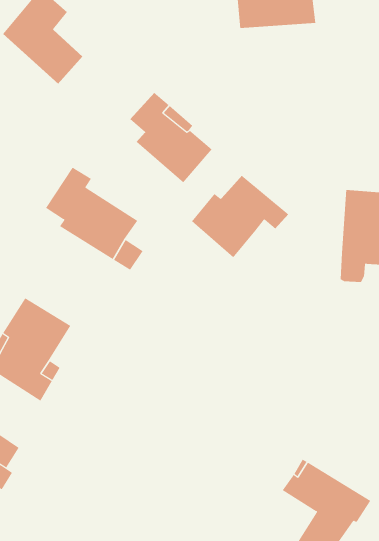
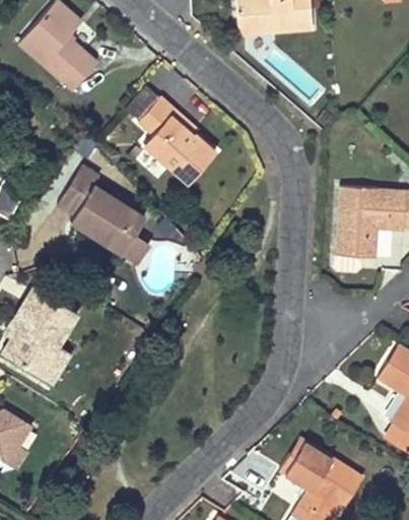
building: [191,175,289,258] -> none

